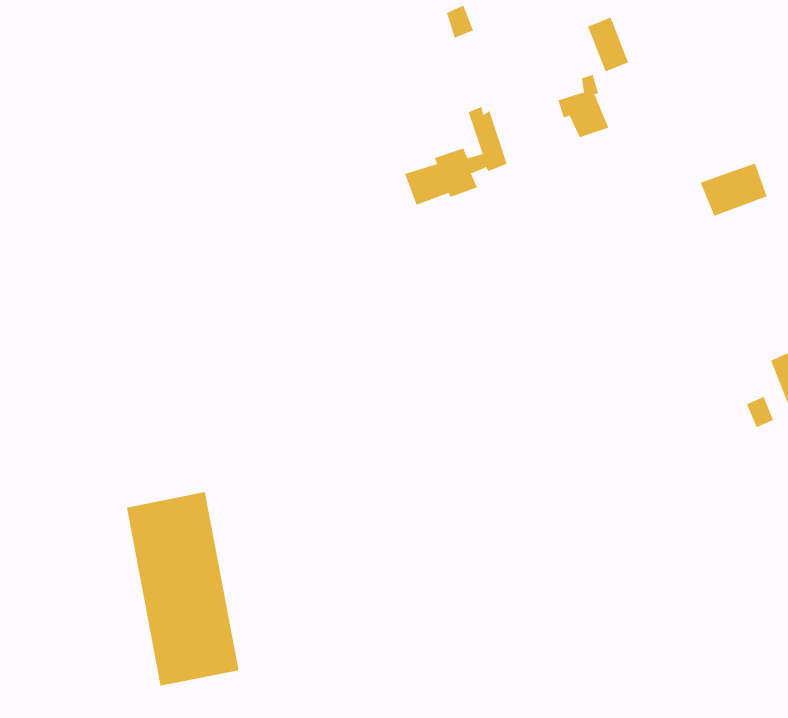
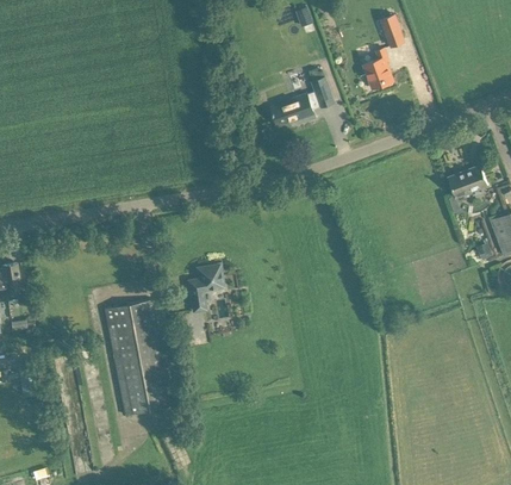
building: [700,163,767,216] -> [448,164,488,197]
building: none -> [189,263,223,311]

